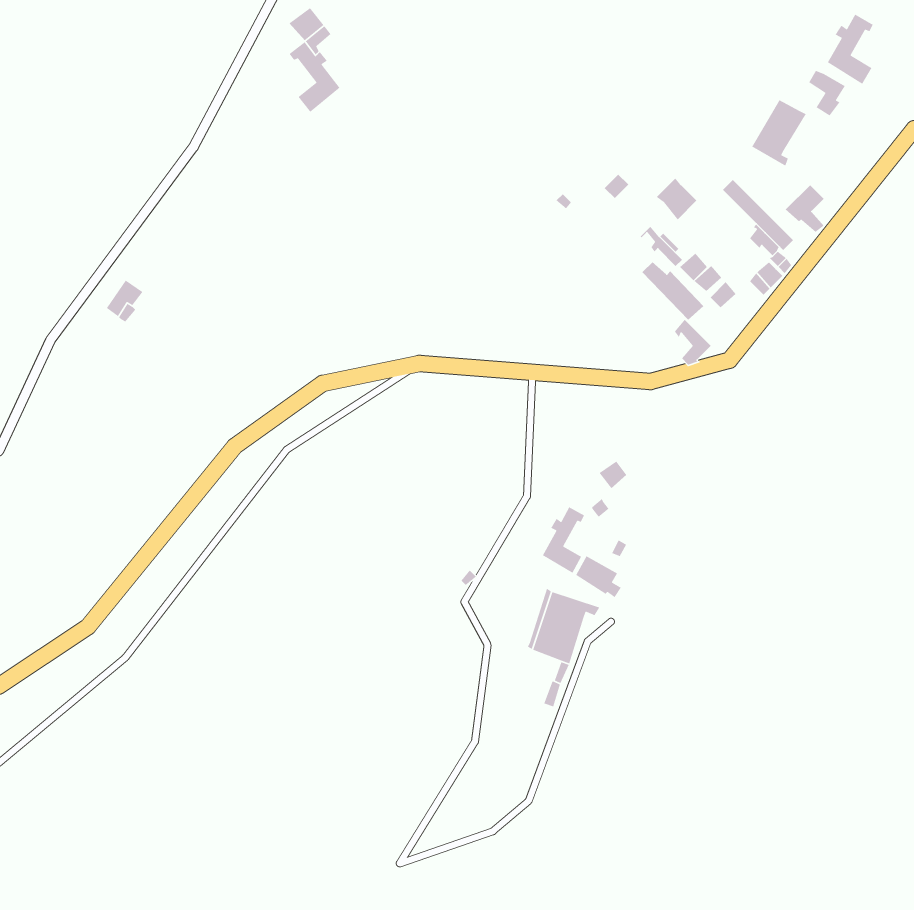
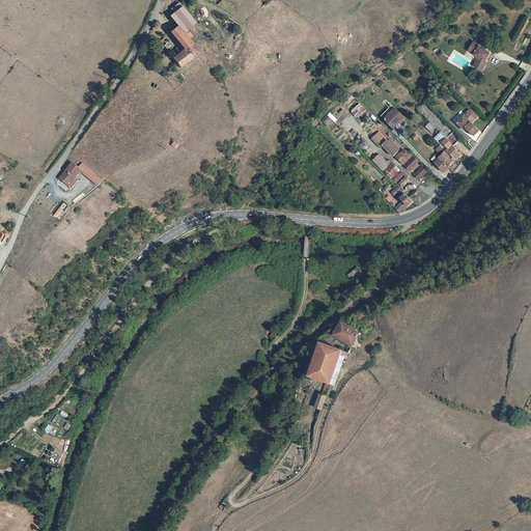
building: [827,14,874,85] -> none
building: [751,99,807,167] -> none
building: [542,506,585,574] -> none

